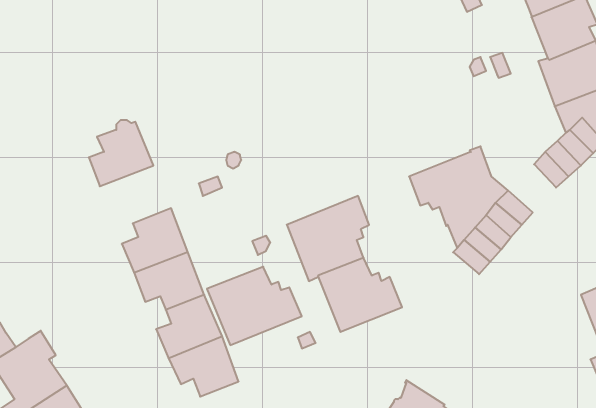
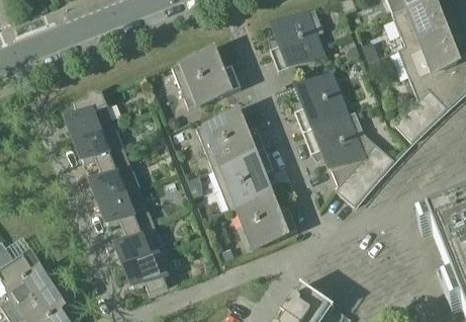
building: none -> [269,8,323,71]
building: none -> [171,49,241,107]
building: none -> [294,73,348,133]
building: none -> [75,125,127,167]
building: [207,267,302,345] -> [195,110,265,168]

